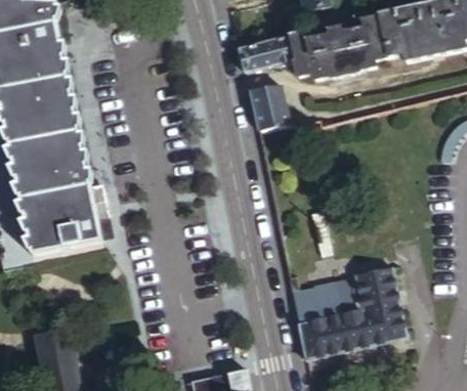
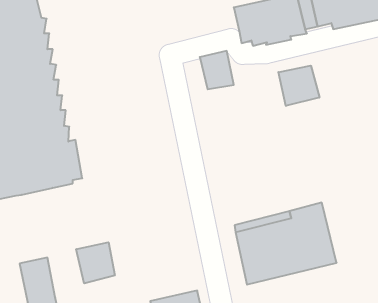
building: [238,34,294,76] -> none
building: none -> [278,66,319,106]
building: none -> [76,242,115,283]

